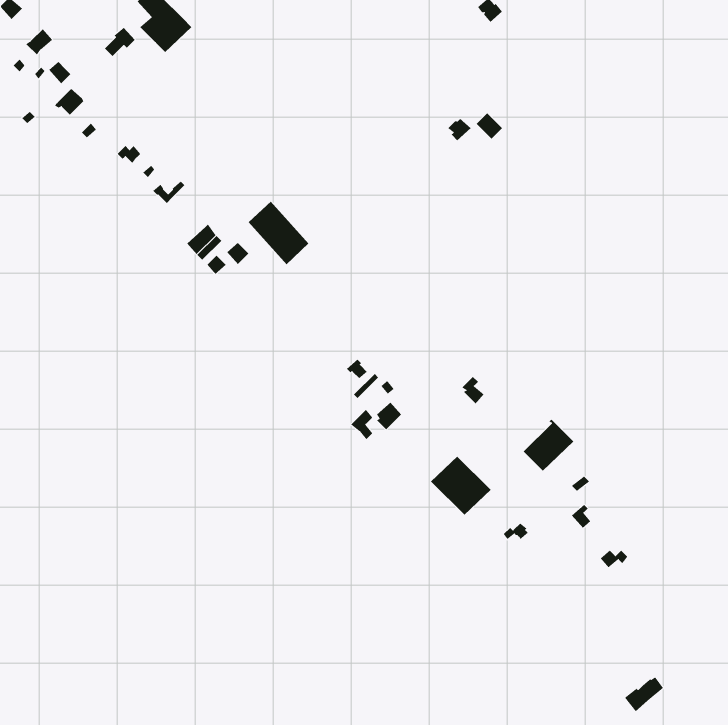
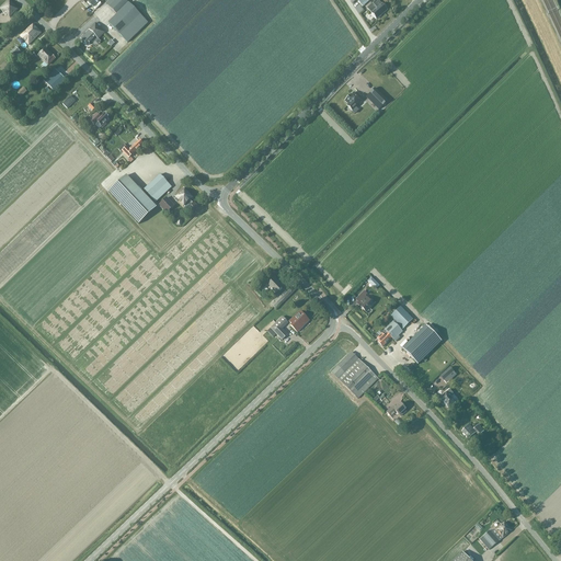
building: [248,201,309,265] -> [108,173,156,222]
building: none -> [376,305,413,345]

